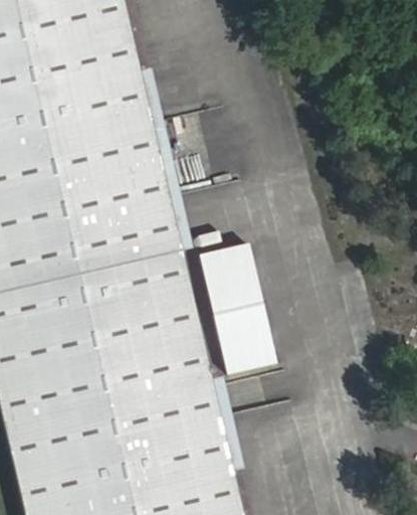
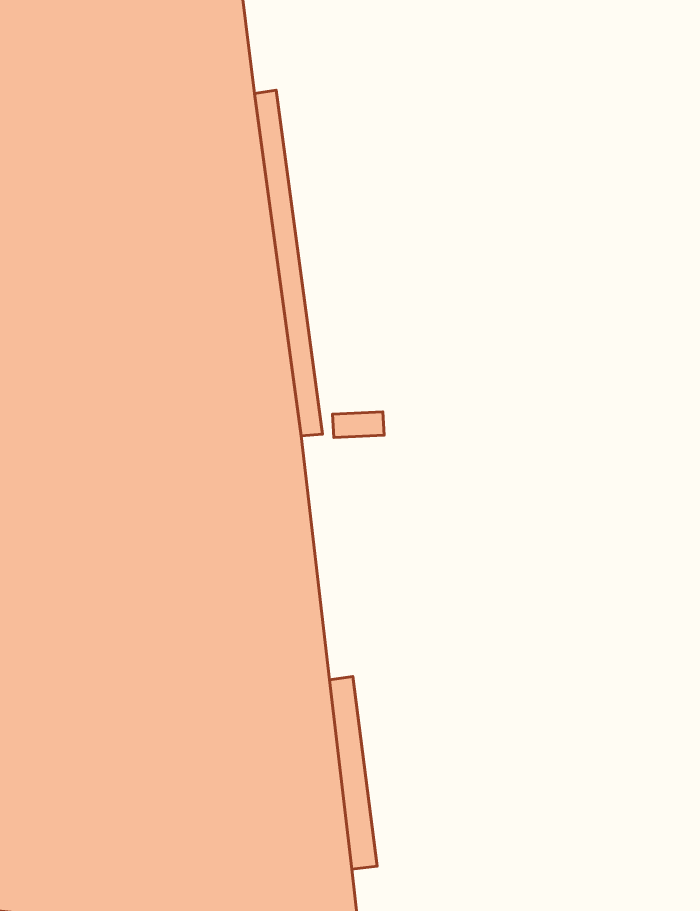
building: [205,241,287,374] -> none

